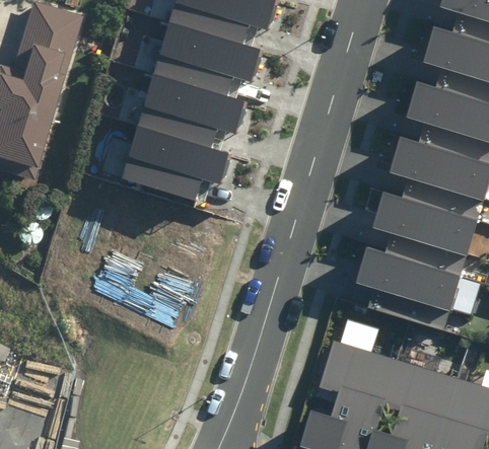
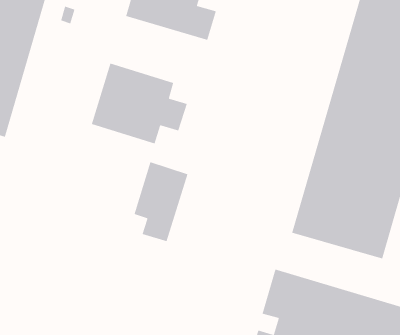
building: [148,57,251,135] -> none
building: none -> [133,161,188,242]

